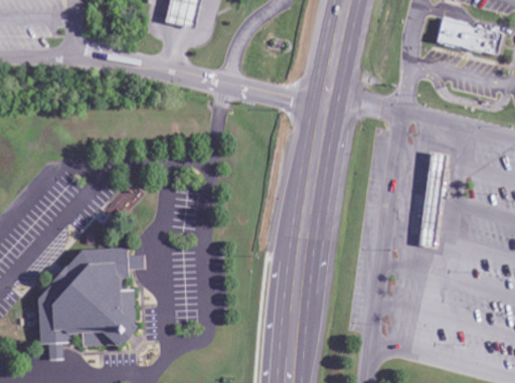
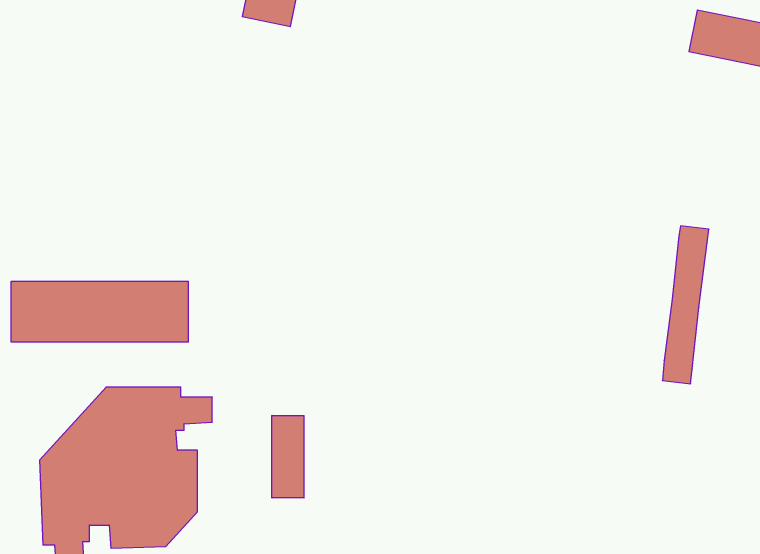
building: none -> [11,281,188,342]
building: none -> [272,415,304,498]

